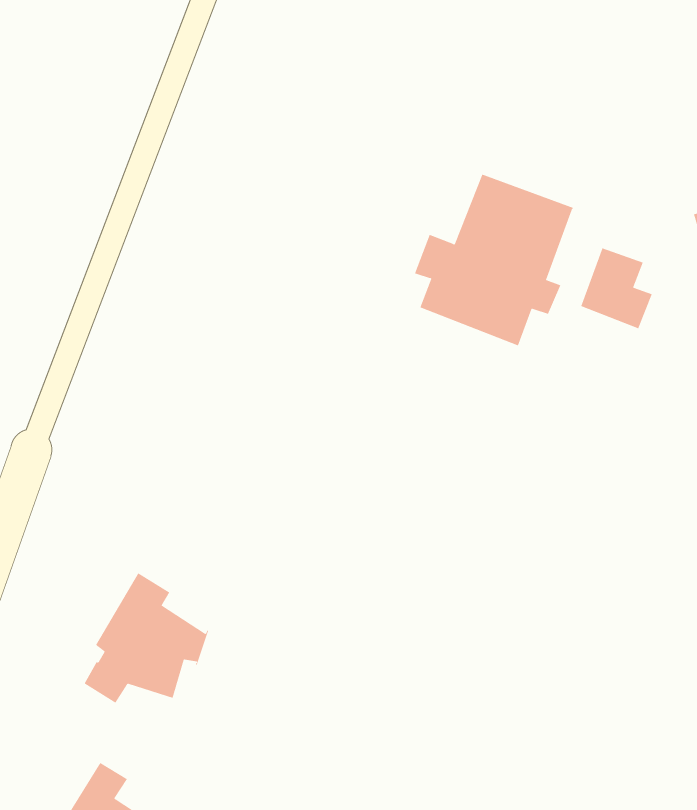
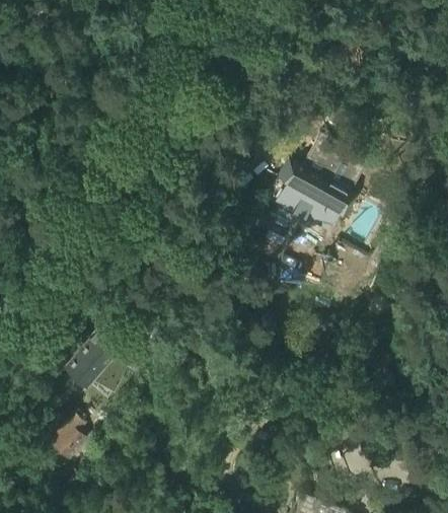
building: [580,248,652,329] -> none

